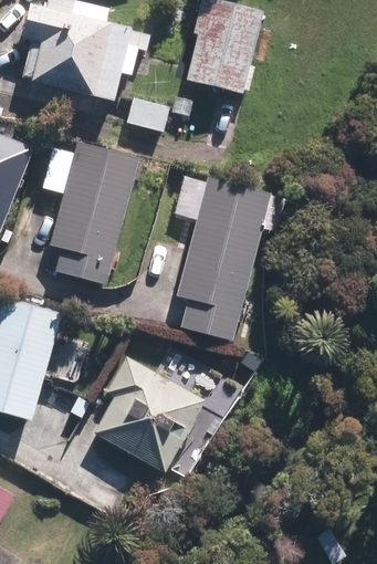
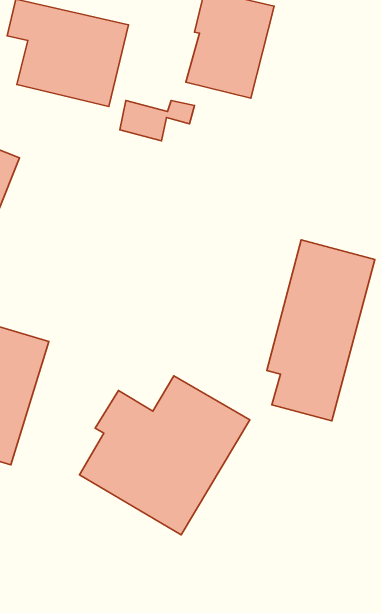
building: [50,140,140,284] -> none
building: [175,177,272,341] -> [267,240,375,421]

